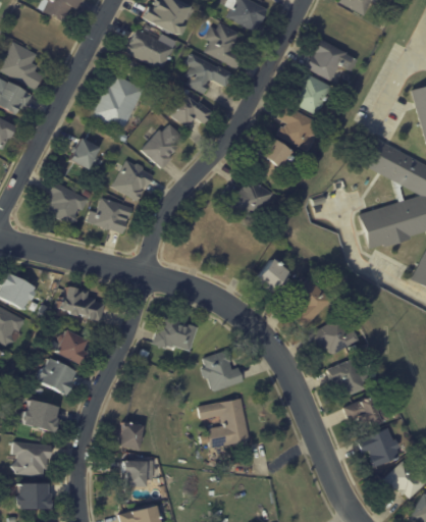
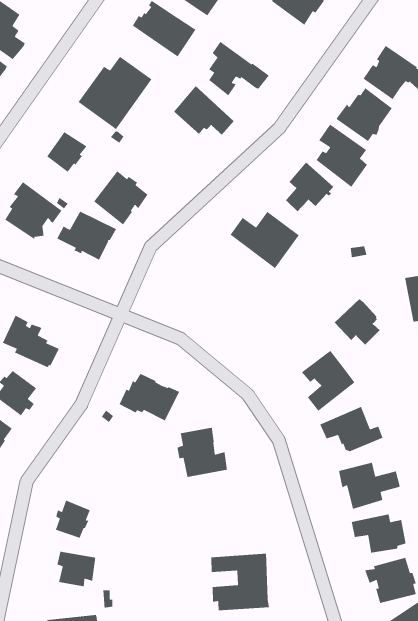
building: [205,22,244,68] -> none
building: [142,124,181,169] -> none
building: [254,259,290,295] -> [334,298,380,345]
building: [198,397,249,447] -> [210,553,270,611]

